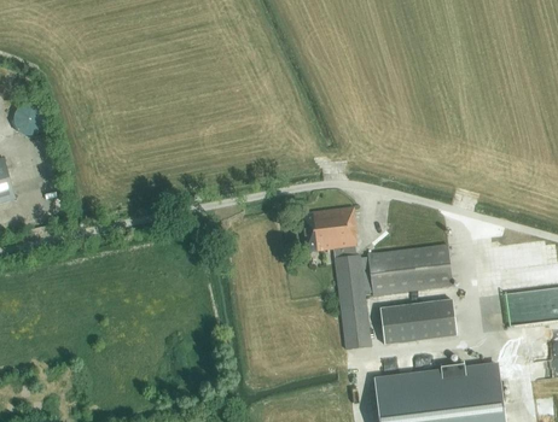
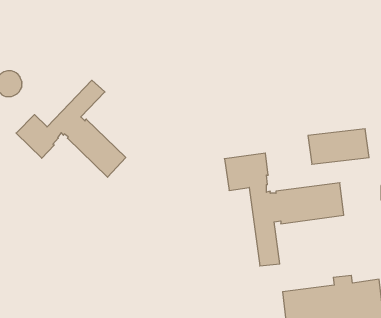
building: none -> [16,80,126,177]
building: [379,299,457,344] -> [308,129,369,164]

